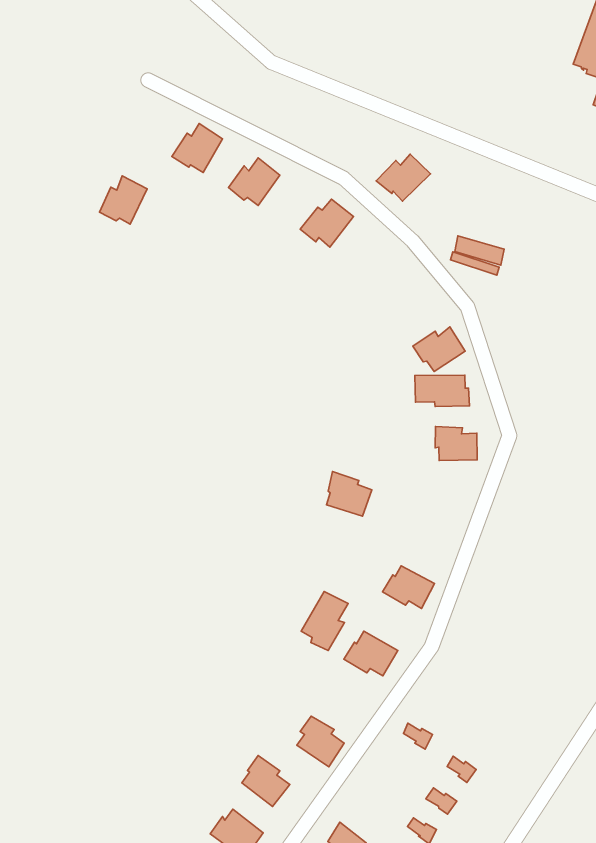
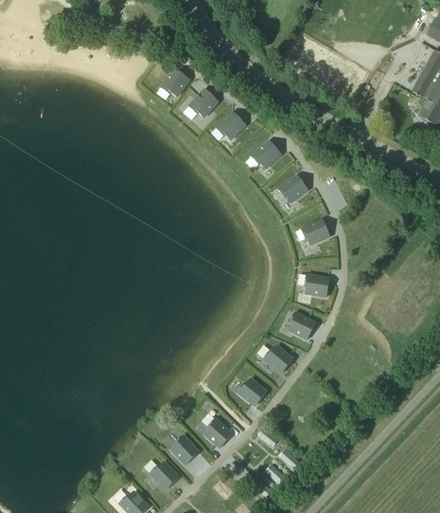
building: [376,154,430,201] -> [278,176,308,201]
building: [100,176,147,224] -> [161,69,189,95]
building: [415,375,469,406] -> none
building: [326,471,372,516] -> [288,311,314,338]
building: [301,592,348,651] -> none

